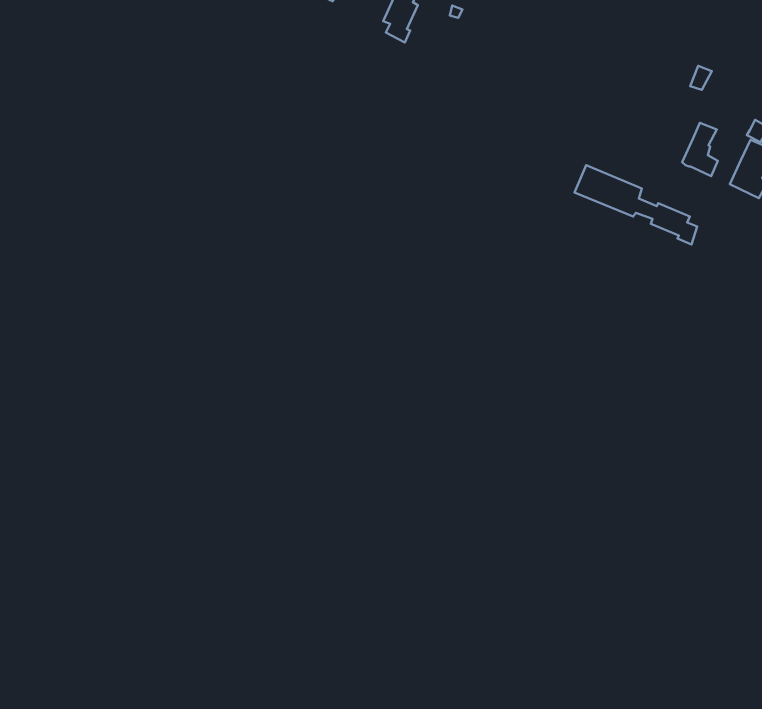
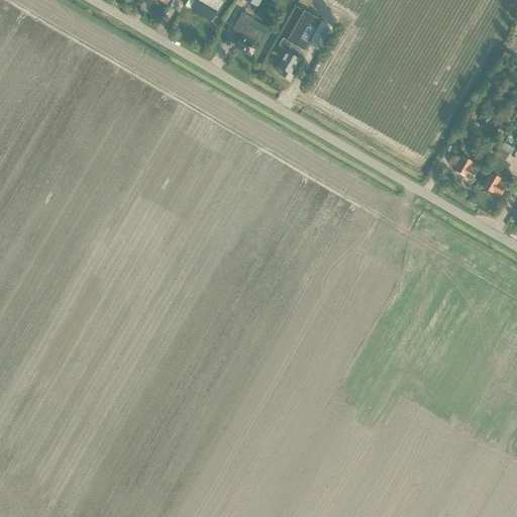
building: [575,165,697,244] -> none

